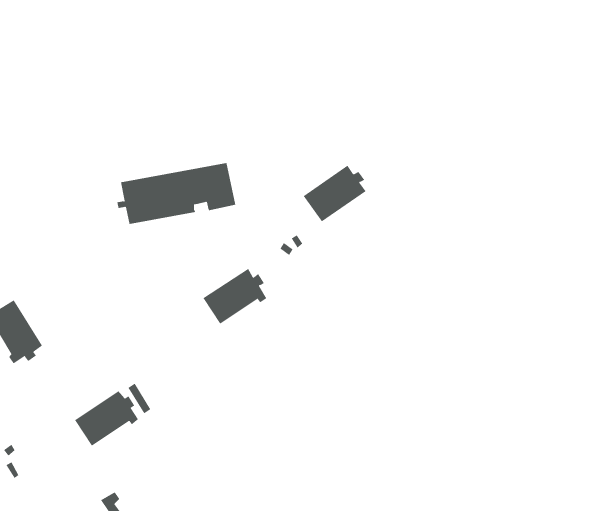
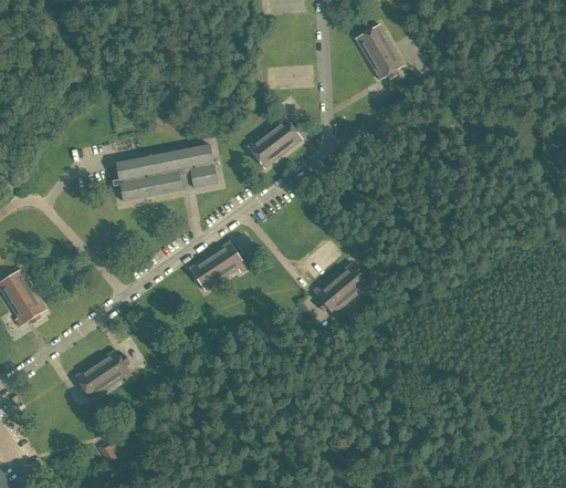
building: none -> [356,28,406,83]
building: [303,165,366,222] -> [248,118,304,169]
building: none -> [311,260,368,313]

